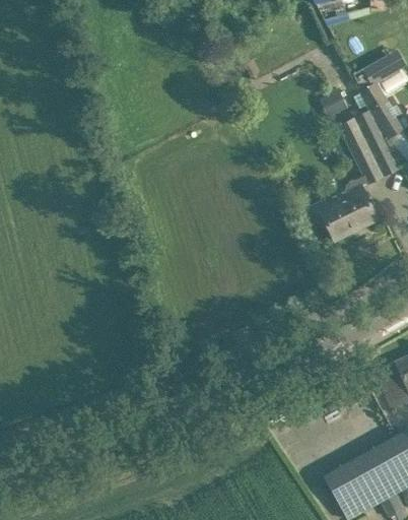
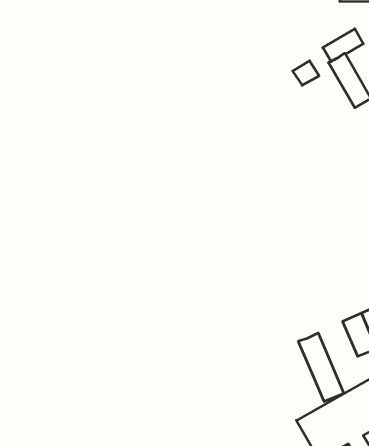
building: [339,110,397,182] -> none
building: [305,186,378,239] -> none
building: none -> [299,333,344,402]

